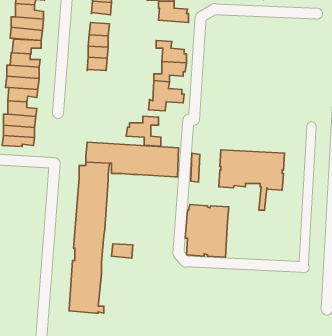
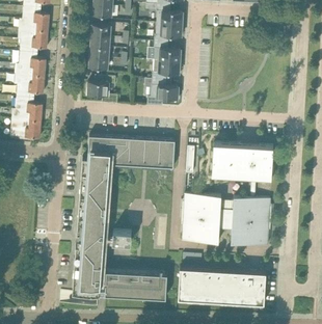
building: none -> [154,22,184,42]
building: [126,116,161,146] -> [85,75,117,103]
building: none -> [219,196,271,245]
building: none -> [178,267,266,303]
building: none -> [105,270,167,297]

